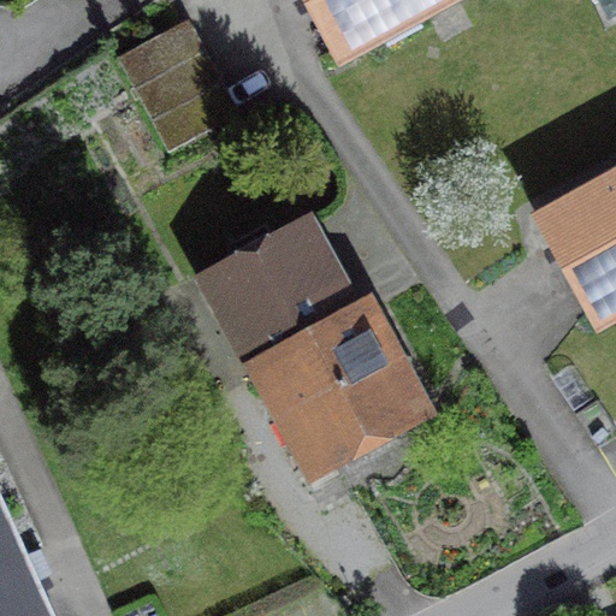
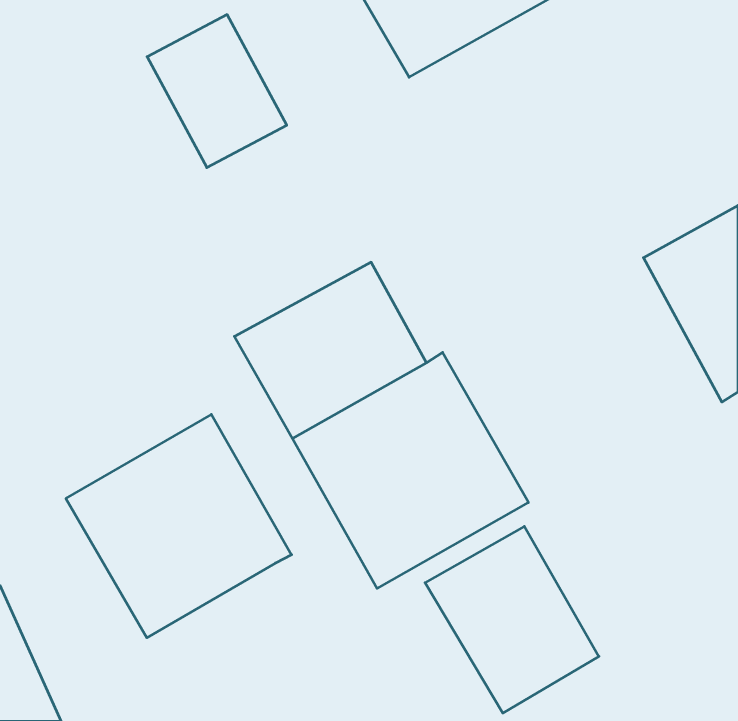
building: none -> [66,414,292,638]
building: none -> [425,526,599,713]

